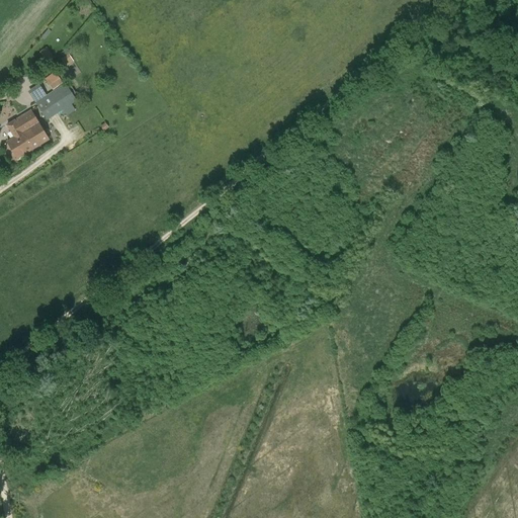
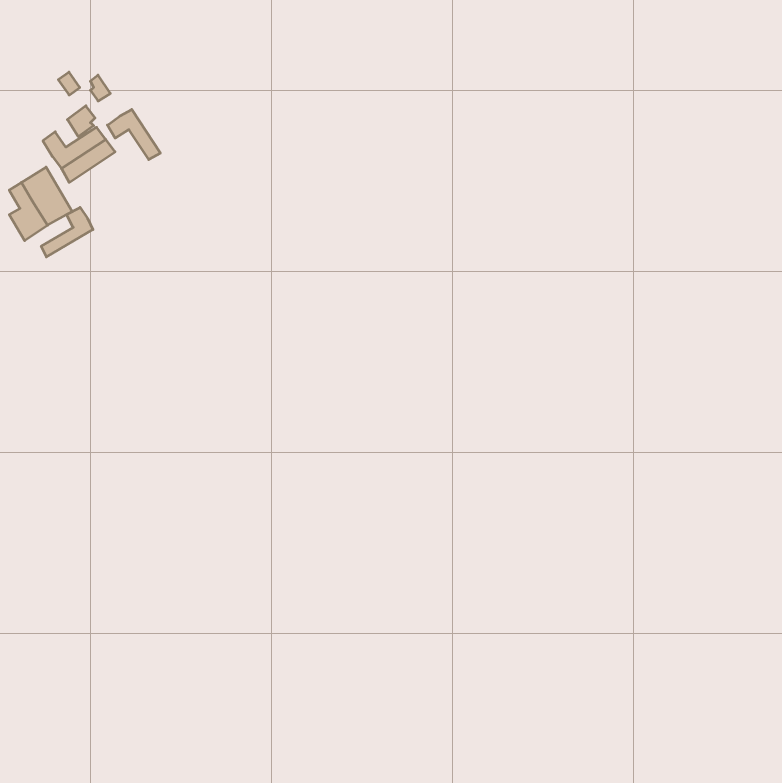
building: none -> [107,109,160,160]
building: none -> [41,207,93,257]

